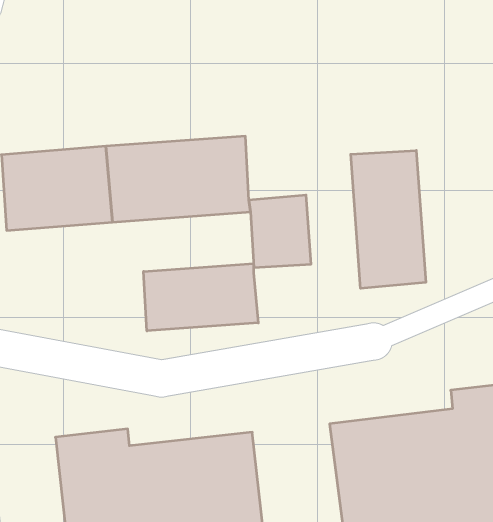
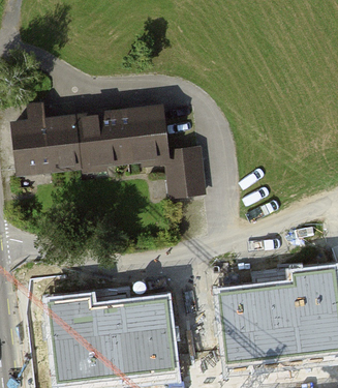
building: [351,150,426,288] -> none
building: [144,264,258,331] -> none

